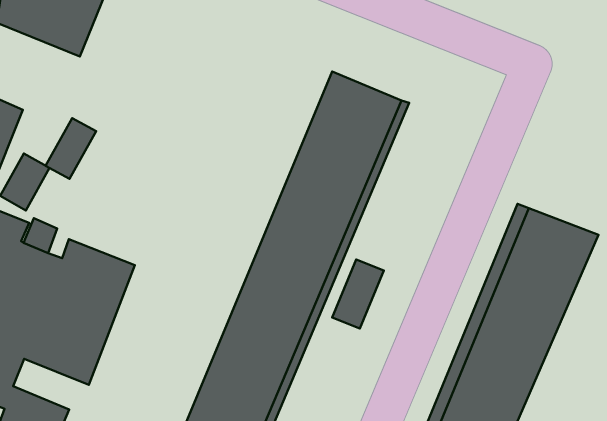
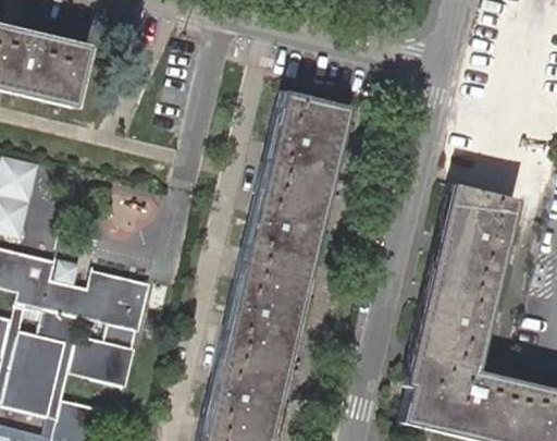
building: [46,118,96,179] -> none
building: [332,260,384,328] -> none

